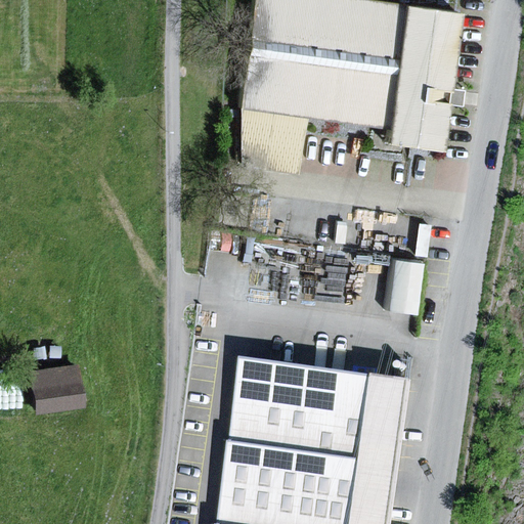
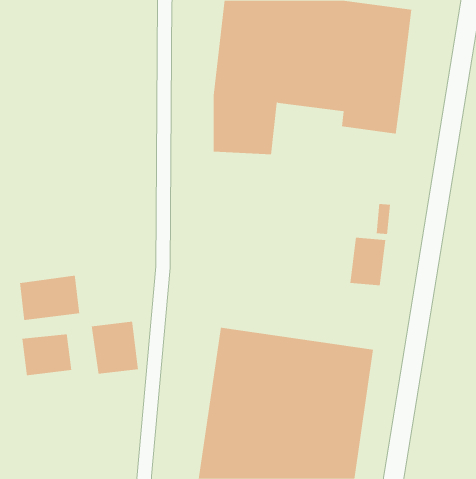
building: none -> [19,275,80,321]
building: none -> [91,321,138,375]

